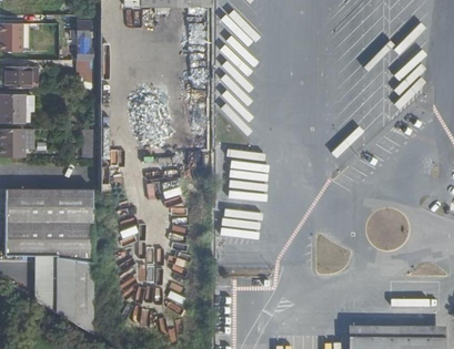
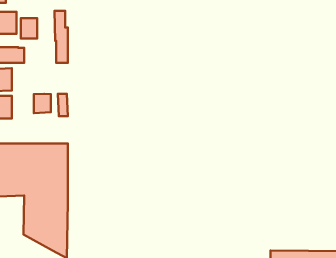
building: none -> [21,18,37,39]
building: none -> [34,94,51,113]

